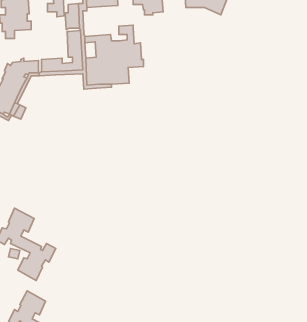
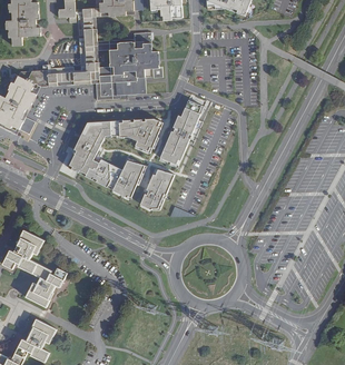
building: none -> [160,106,201,168]
building: none -> [68,119,166,198]
building: none -> [140,171,174,214]

